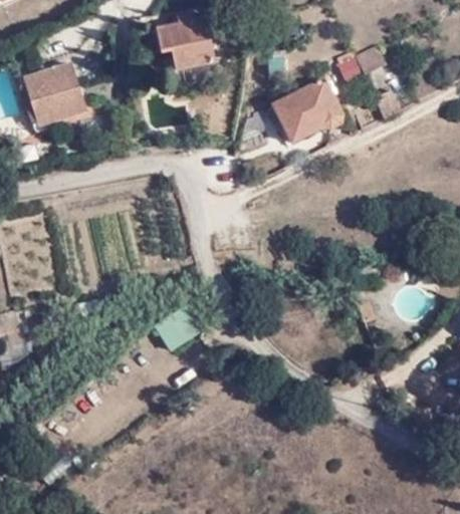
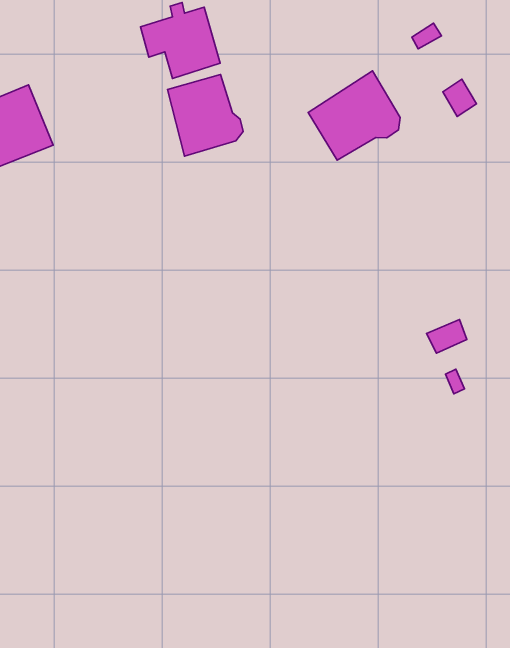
building: none -> [168,74,243,156]

